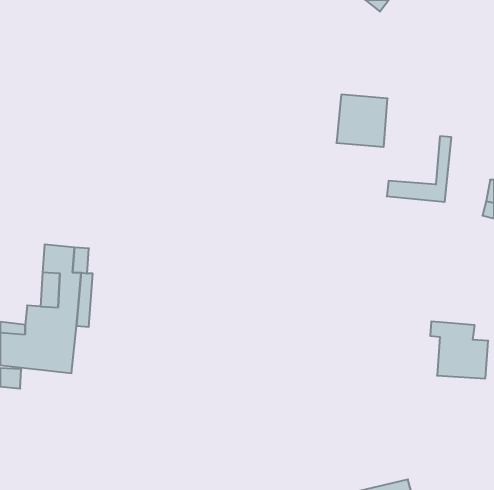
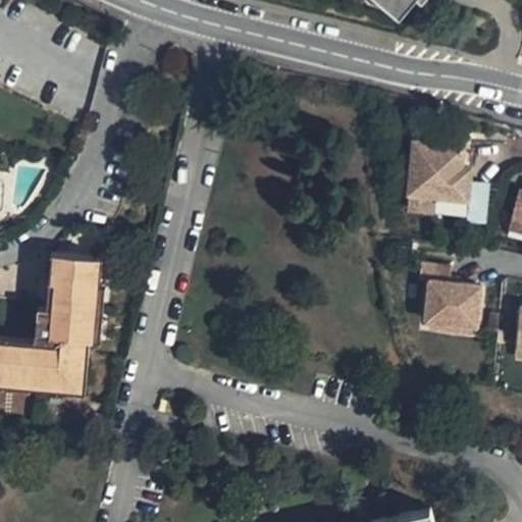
building: [336,95,388,147] -> [410,144,464,199]
building: [430,321,488,378] -> [418,264,479,324]

